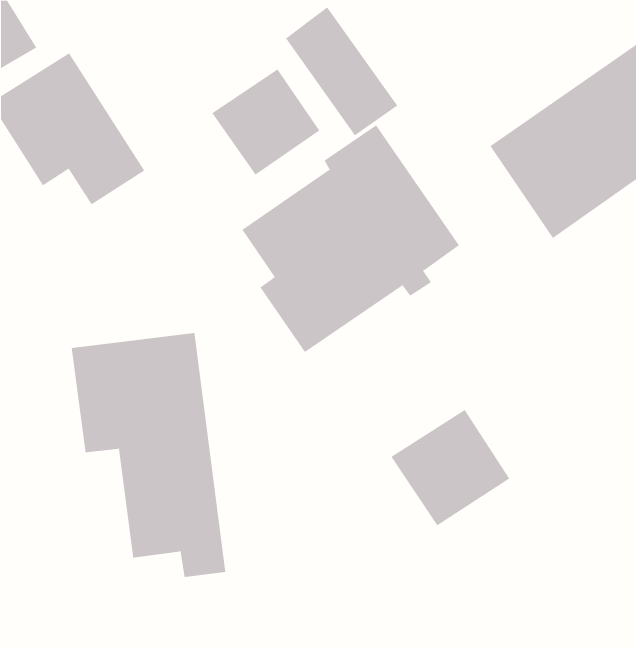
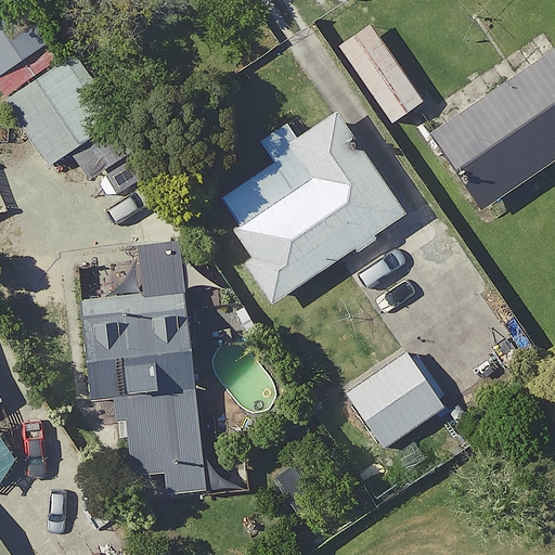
building: [285,7,398,136] -> [337,21,433,130]
building: [212,69,320,175] -> none

